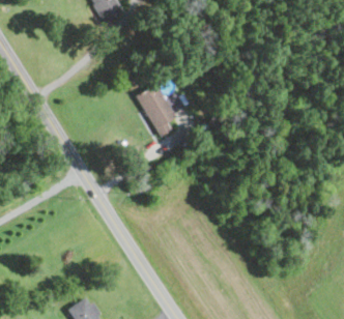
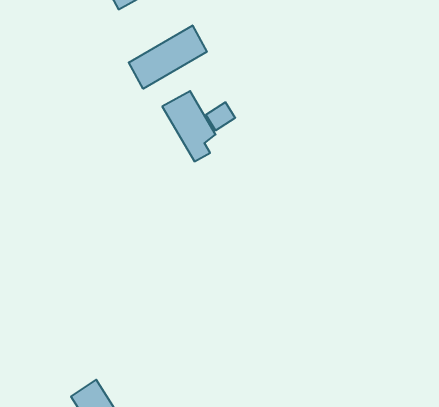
building: none -> [129,25,207,89]

